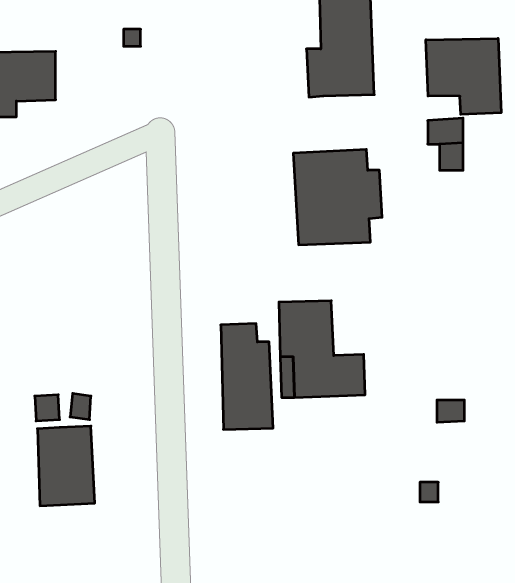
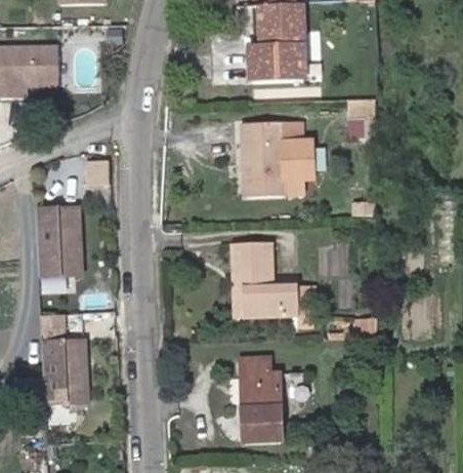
building: [426,38,501,114] -> none
building: none -> [36,206,81,276]
building: [221,324,273,429] -> [242,357,283,440]

